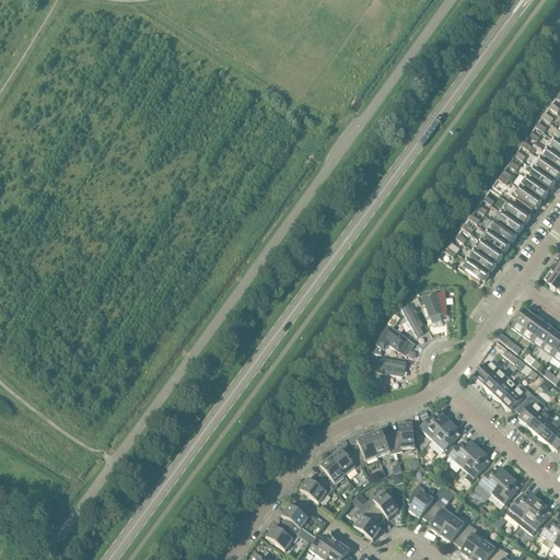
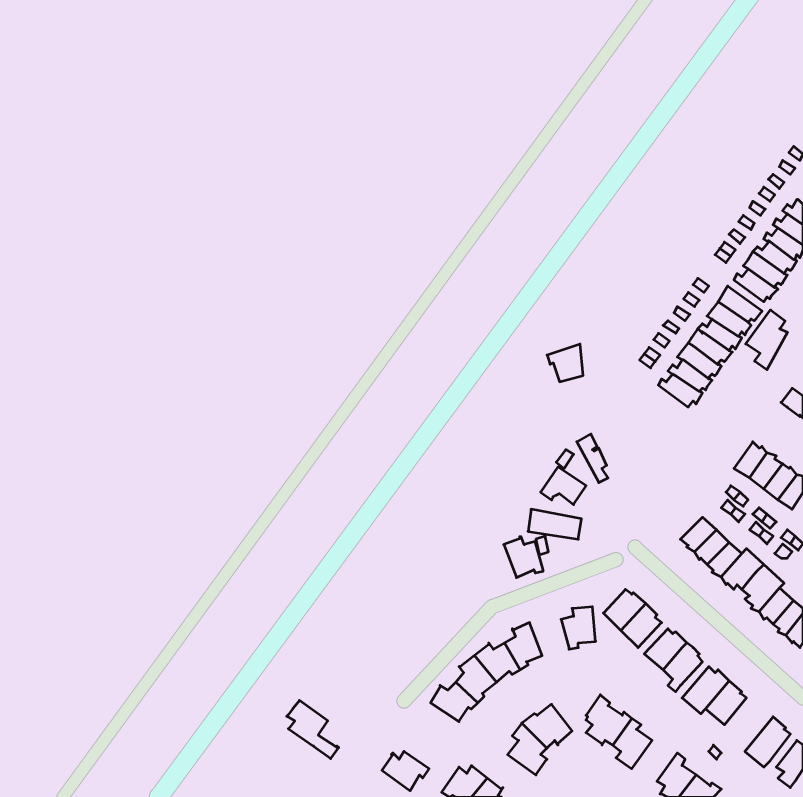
building: none -> [746,310,787,370]
building: [421,289,446,315] -> [547,344,583,382]
building: [369,428,396,456] -> [504,537,543,578]
building: [506,490,538,523] -> none
building: [280,503,316,544] -> [287,700,339,759]
building: [440,515,471,544] -> none

